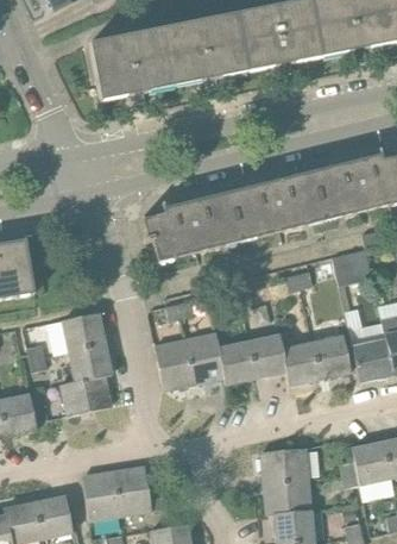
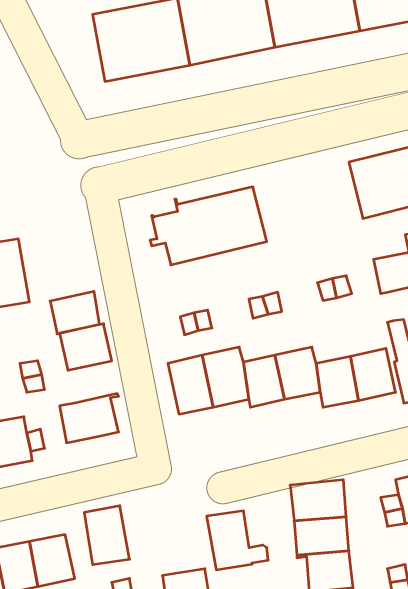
building: [228,170,323,239] -> none
building: [68,343,111,380] -> [50,291,100,334]
building: [113,464,166,515] -> [207,511,268,570]

